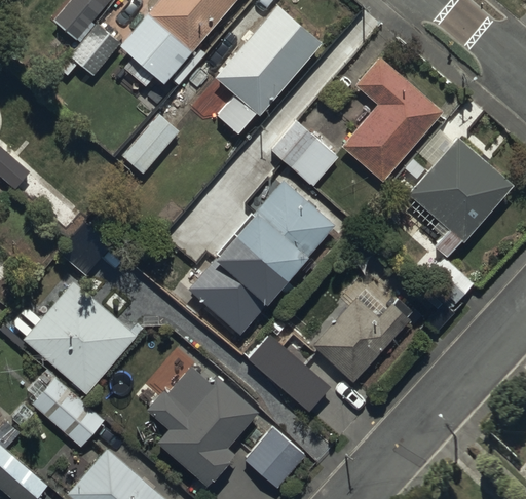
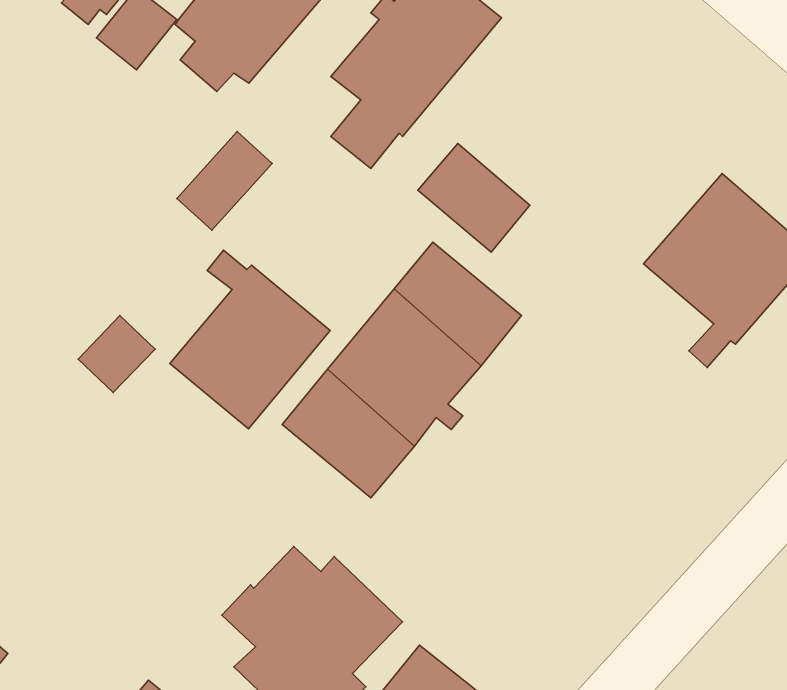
building: [342,56,442,181] -> none
building: none -> [170,250,330,429]
building: [25,280,140,395] -> none
building: [312,298,413,381] -> none
building: [250,335,332,412] -> none
building: [34,378,106,448] -> none

